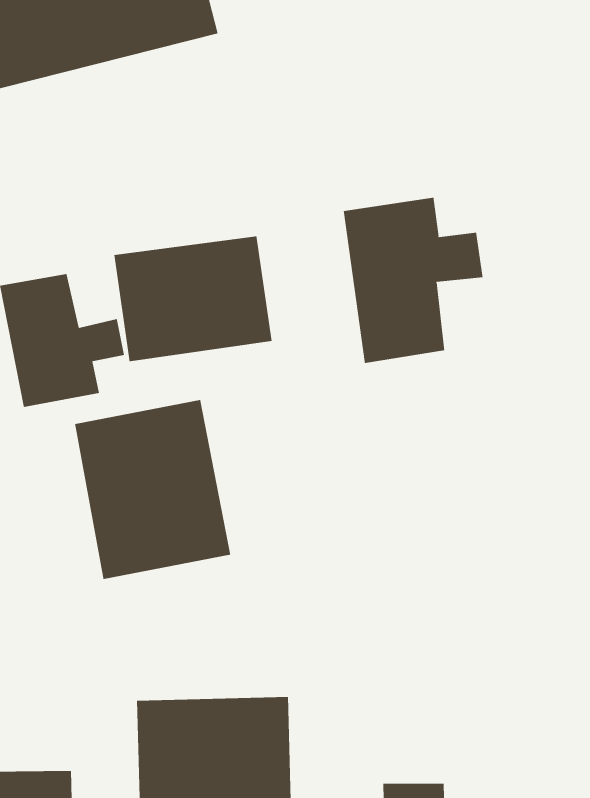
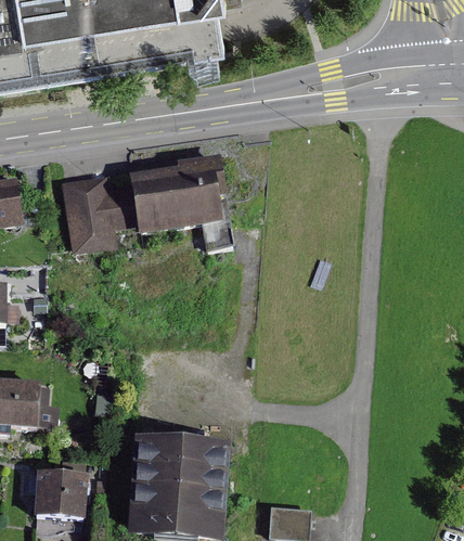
building: [343,197,483,364] -> none
building: [74,399,231,580] -> none

